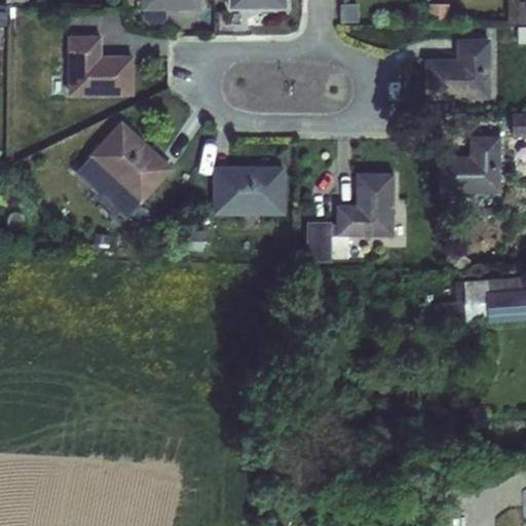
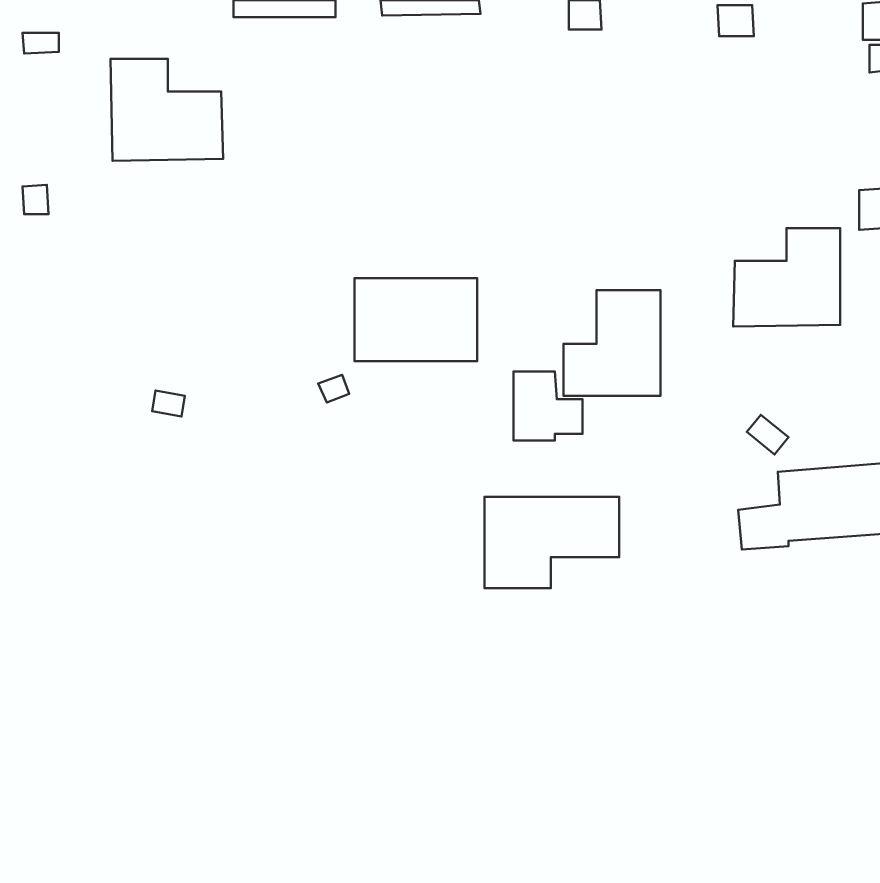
building: [425,38,491,100] -> none
building: [79,119,175,215] -> none
building: none -> [485,497,619,588]

